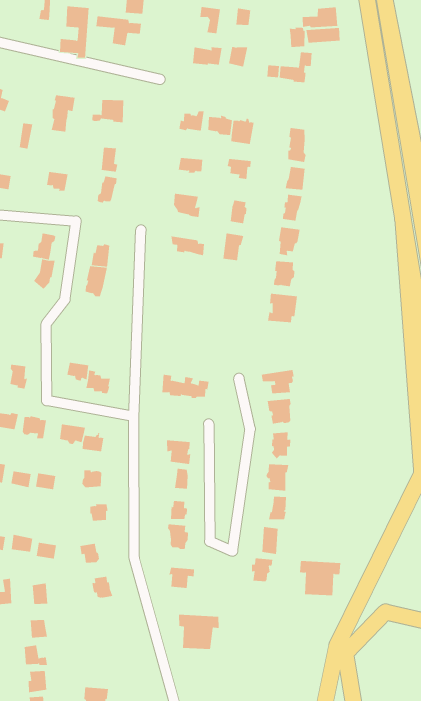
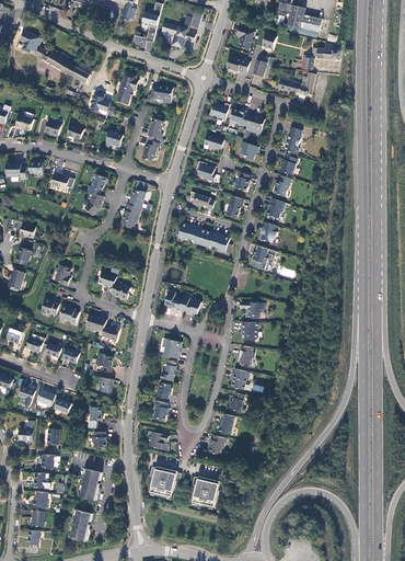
building: none -> [178,224,230,253]
building: [299,560,341,596] -> [192,478,223,507]
building: none -> [78,470,101,501]

